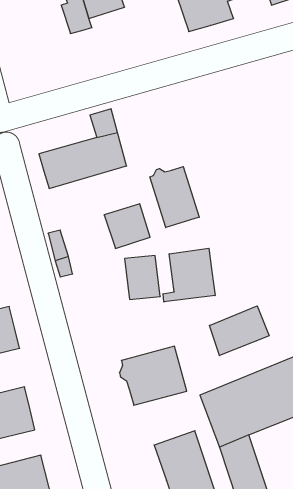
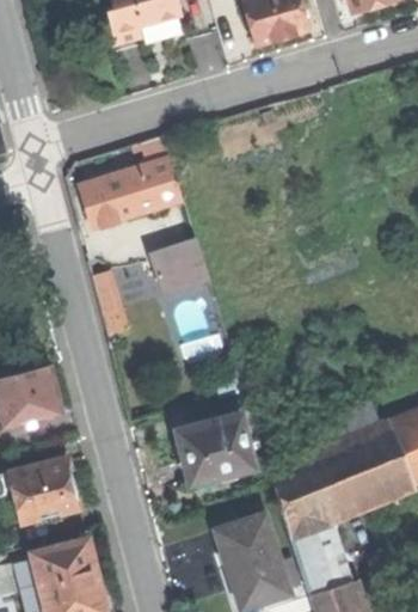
building: [150,167,199,228] -> none
building: [163,248,215,302] -> none
building: [209,306,269,356] -> none

